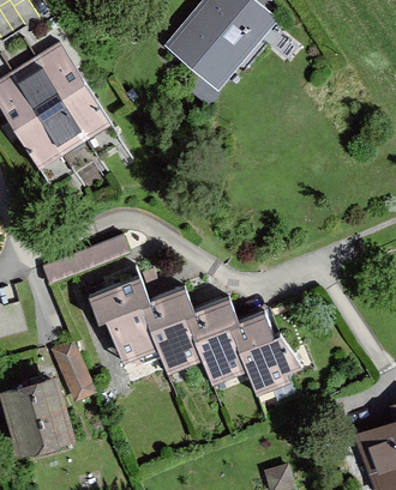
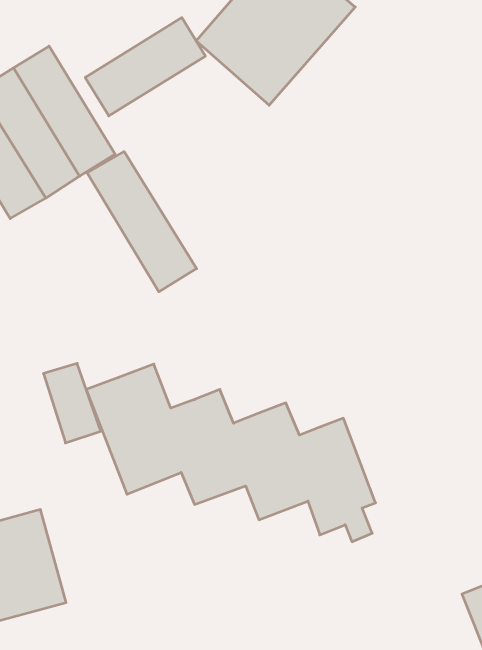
building: none -> [85,18,205,116]
building: none -> [87,152,197,292]
building: [59,337,100,393] -> [43,363,101,443]

